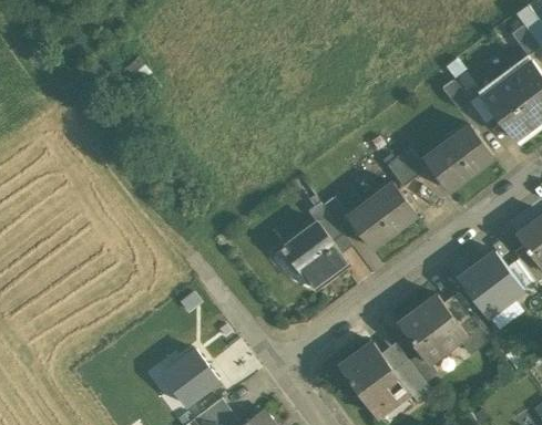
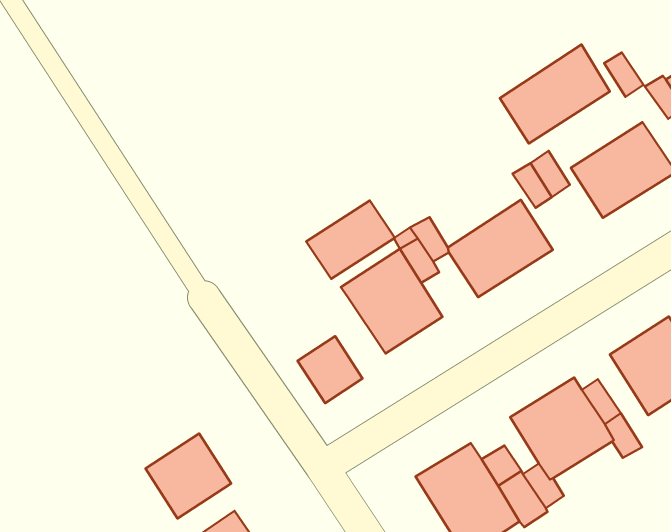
building: none -> [500,45,610,144]
building: none -> [306,200,395,279]
building: none -> [298,336,363,403]

